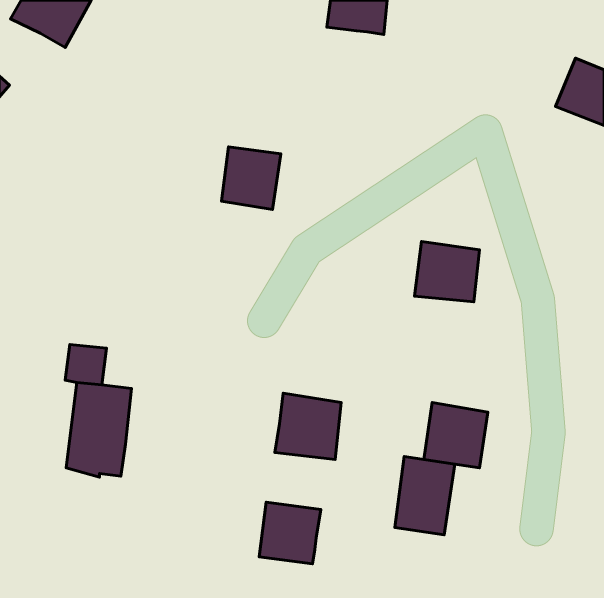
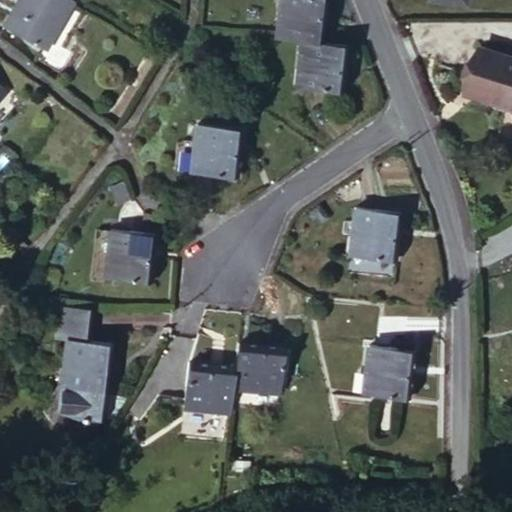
building: none -> [294,32,347,88]
building: none -> [96,235,148,289]
building: [395,456,455,535] -> none
building: [259,502,321,564] -> [184,358,236,410]

